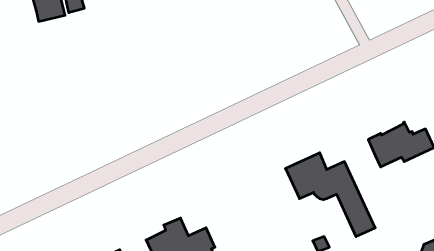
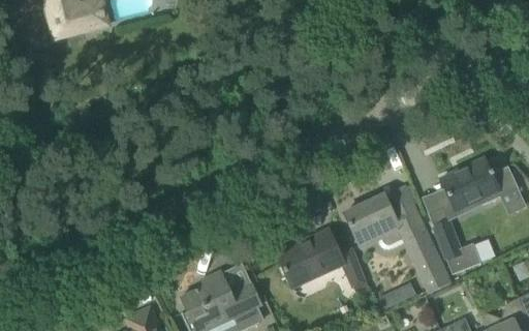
building: none -> [429,207,481,274]
building: none -> [278,230,370,292]

